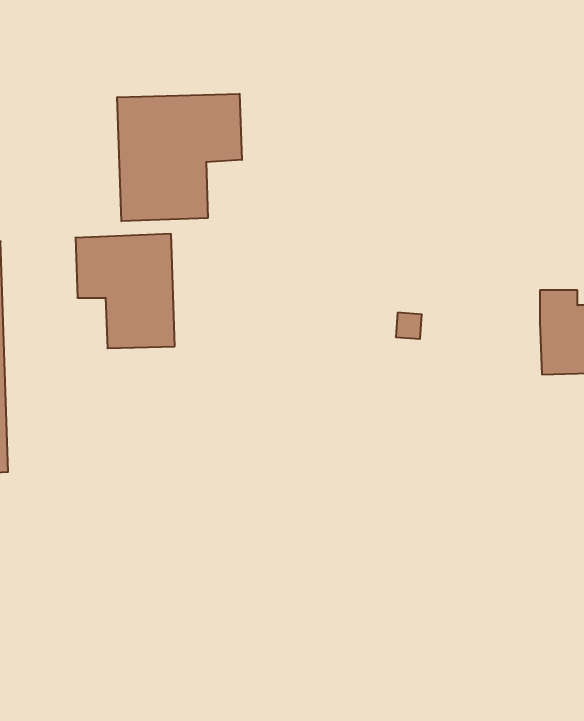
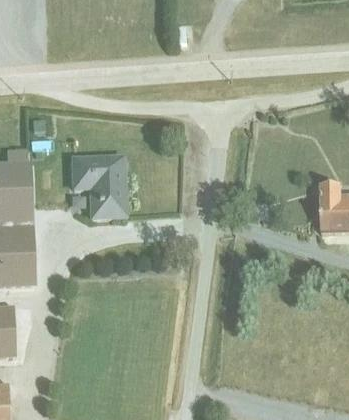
building: [117,94,242,221] -> none

